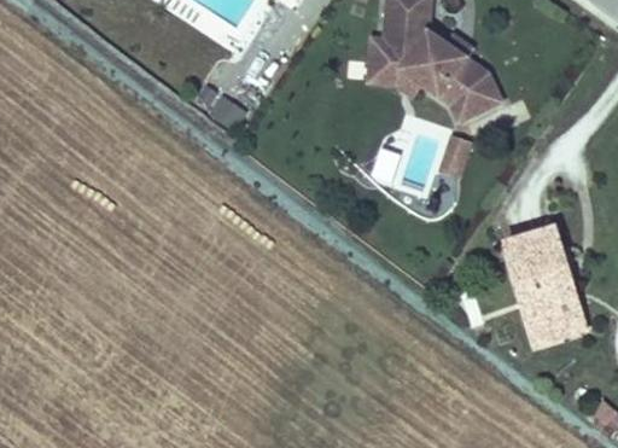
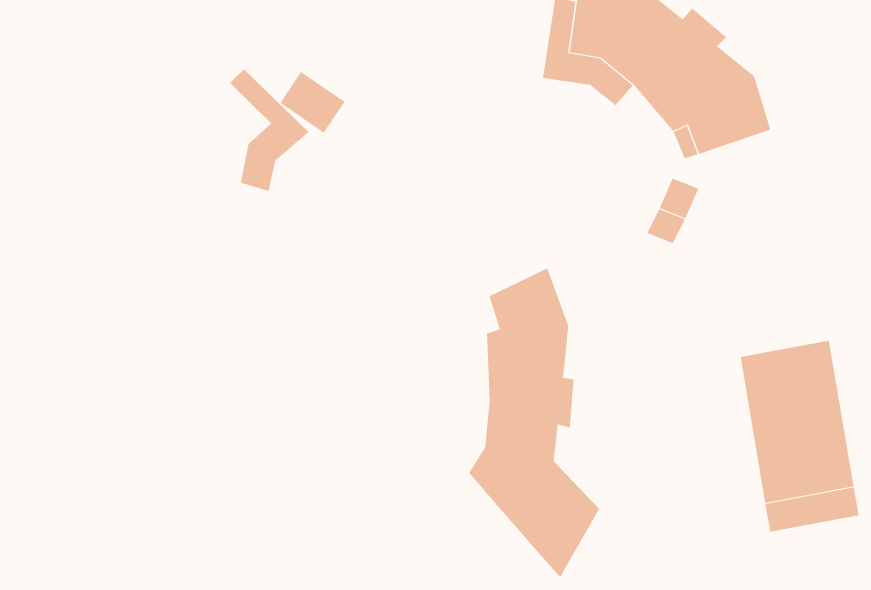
building: none -> [229,69,309,192]
building: none -> [469,268,600,578]

